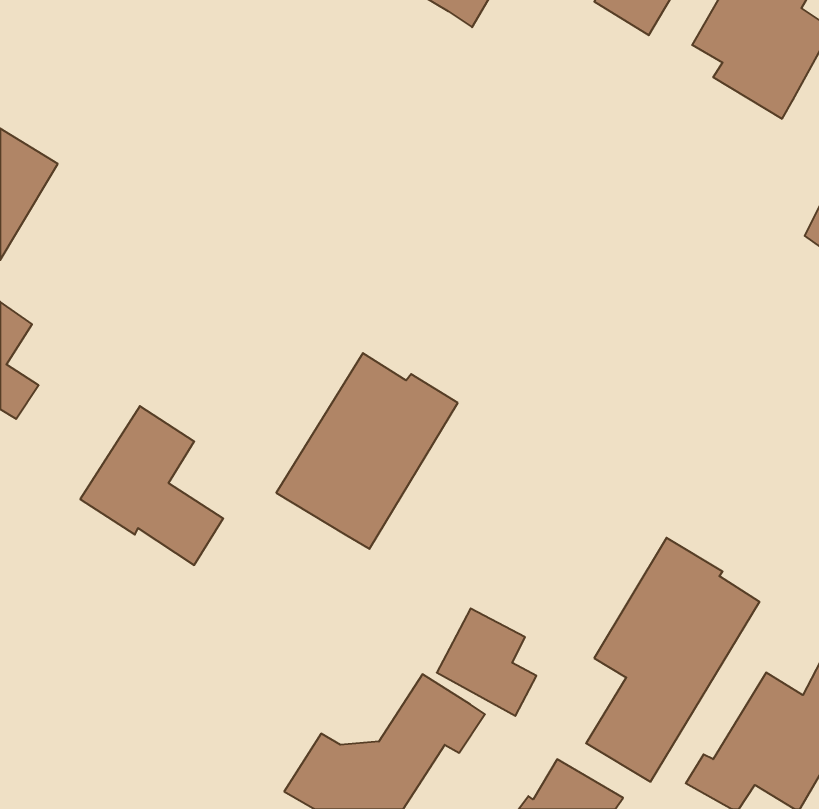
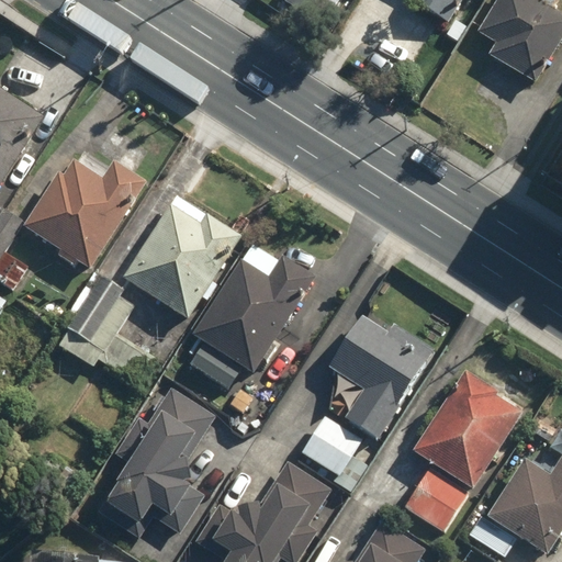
building: none -> [24,161,146,269]
building: none -> [121,194,238,322]
building: none -> [324,313,434,439]
building: none -> [102,385,214,522]

